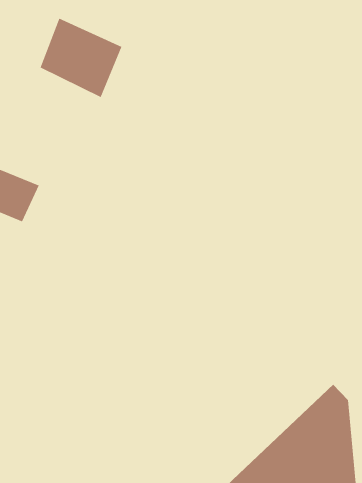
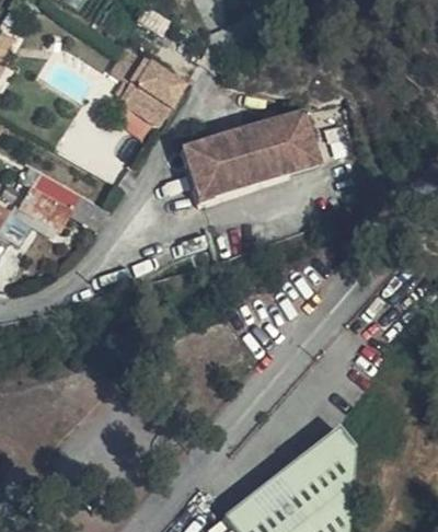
building: none -> [180,111,315,201]

